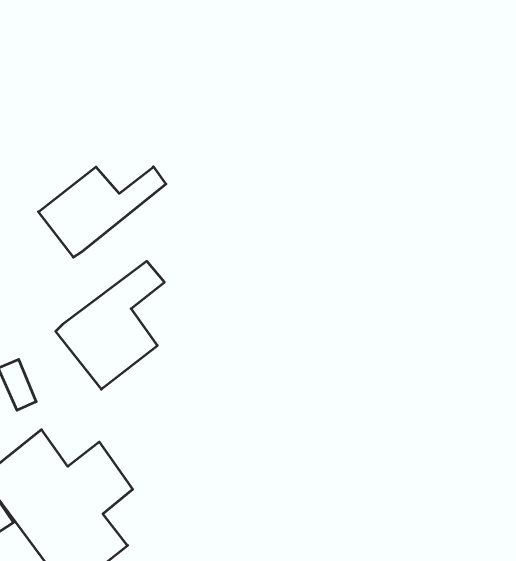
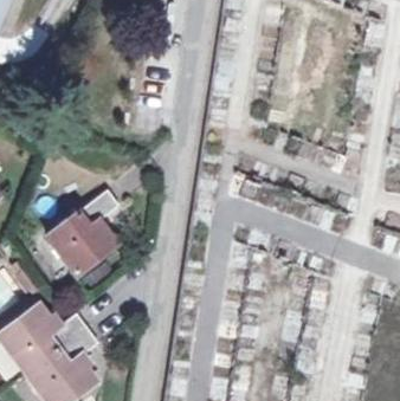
building: [38,167,166,257] -> none

